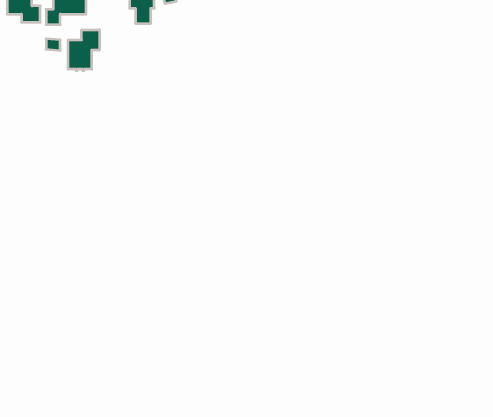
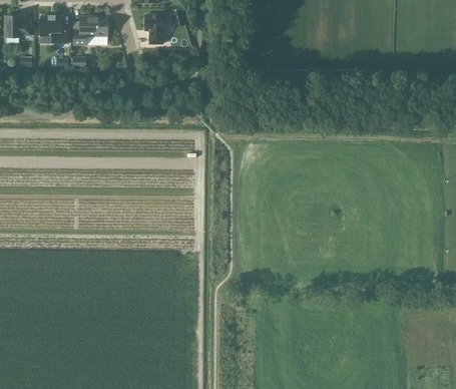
building: [68,30,99,71] -> none

